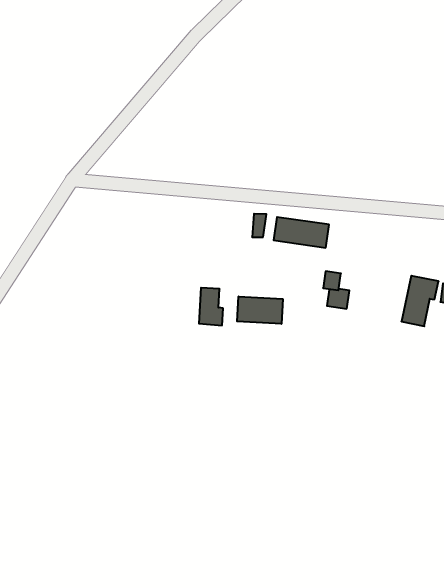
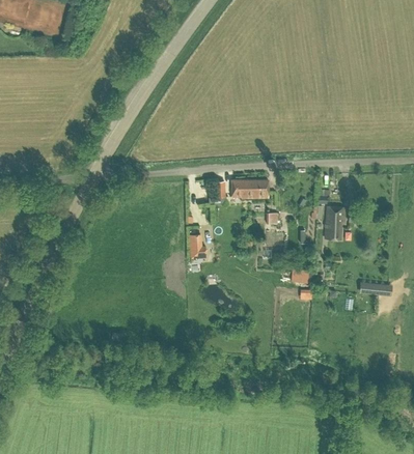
building: [237,296,283,324] -> none

